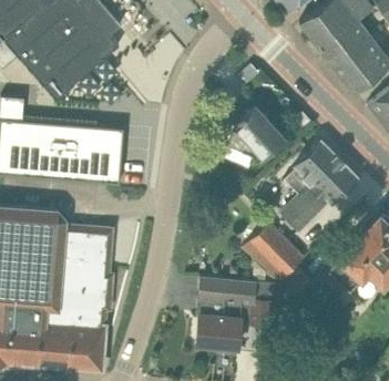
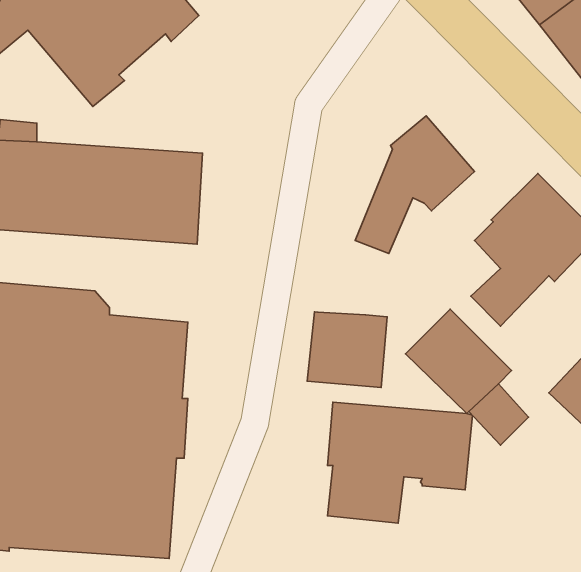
building: none -> [307,312,387,387]

